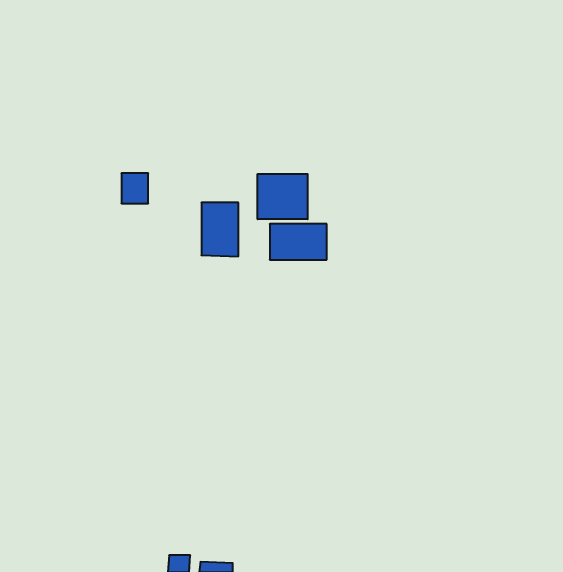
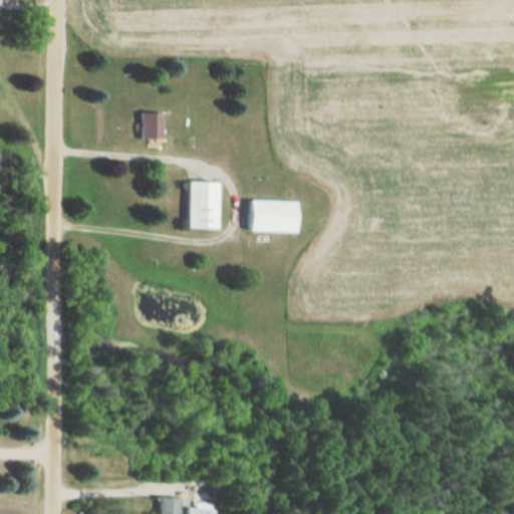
building: [121,173,148,203] -> [141,112,165,140]
building: [258,174,308,219] -> none

